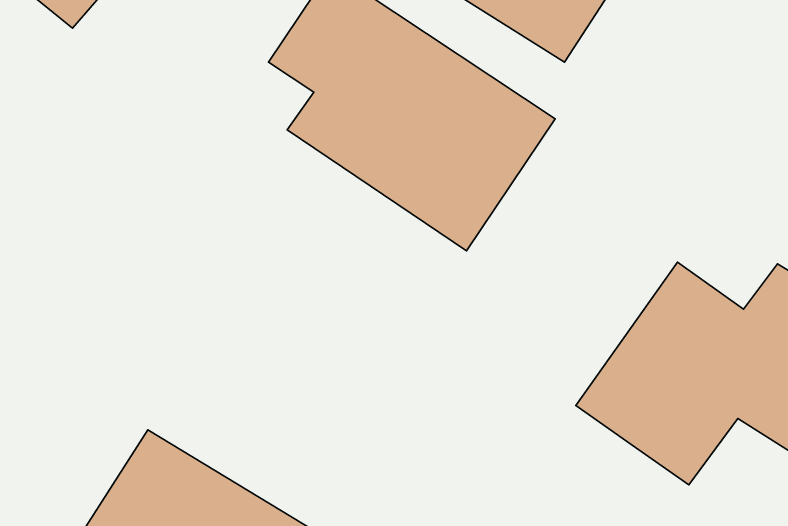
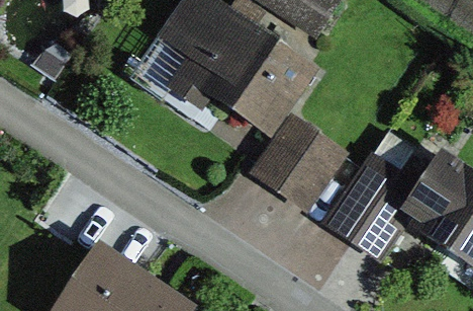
building: none -> [254,121,343,211]

